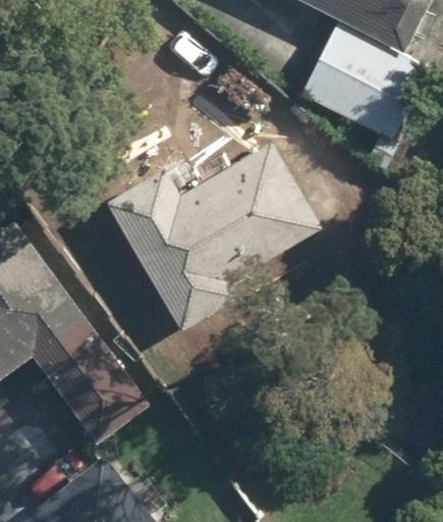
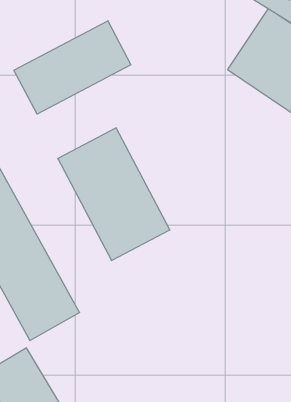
building: none -> [14,21,131,114]
building: [192,128,327,272] -> none

